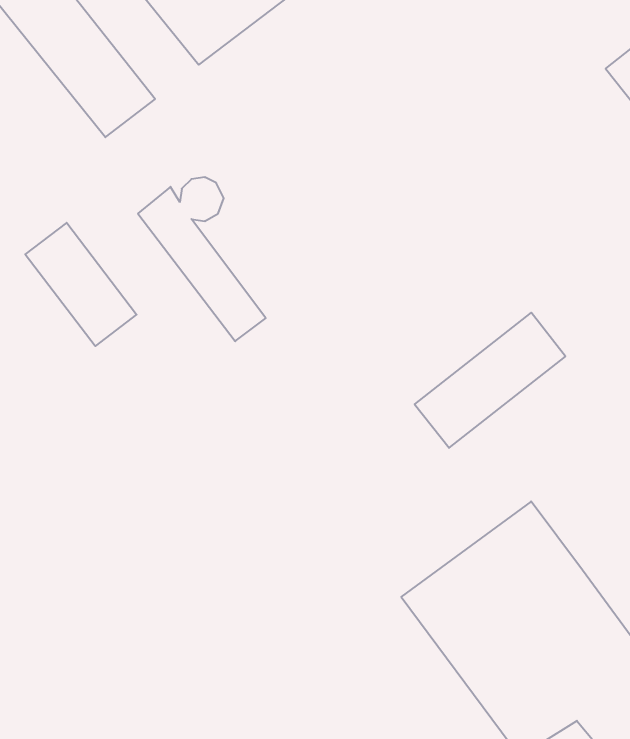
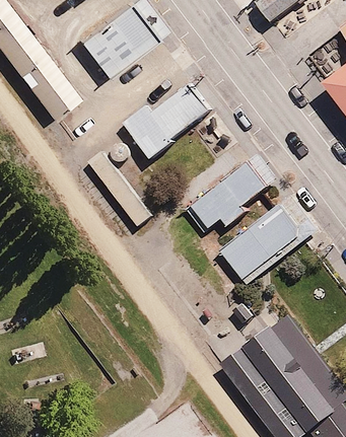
building: none -> [130,88,211,160]
building: [25,223,137,346] -> none
building: none -> [192,161,271,233]

